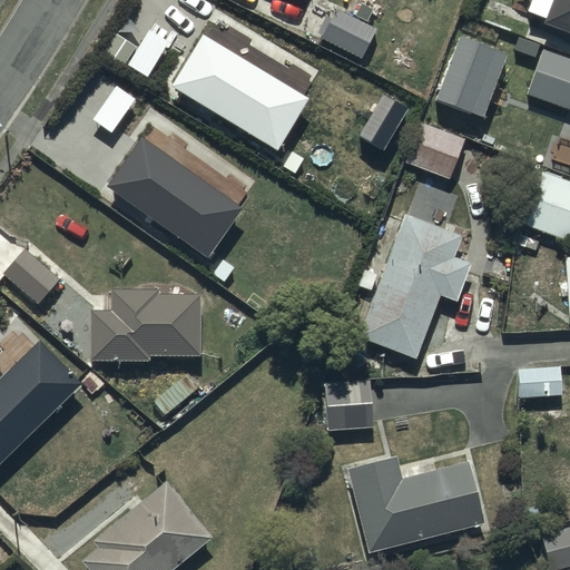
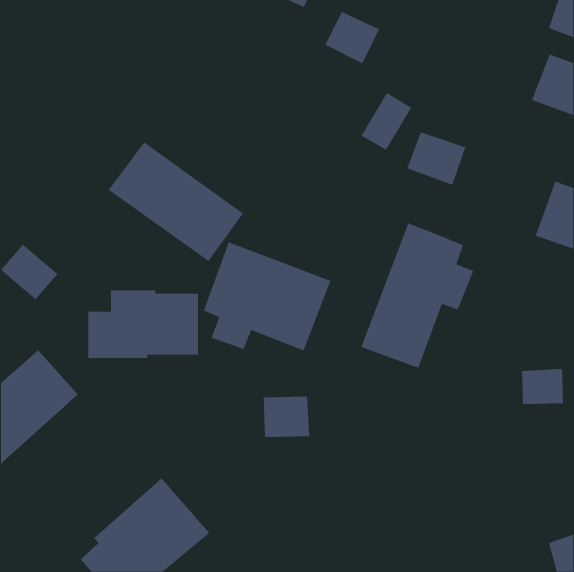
building: [175,33,309,154] -> none
building: [438,37,509,118] -> none
building: none -> [203,241,331,351]
building: [324,386,371,428] -> [263,396,310,438]
building: [346,449,481,542] -> none

